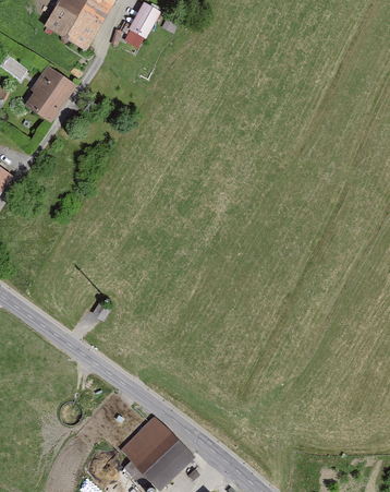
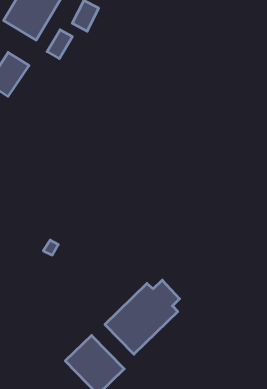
building: none -> [47,30,72,59]
building: none -> [105,280,180,354]

